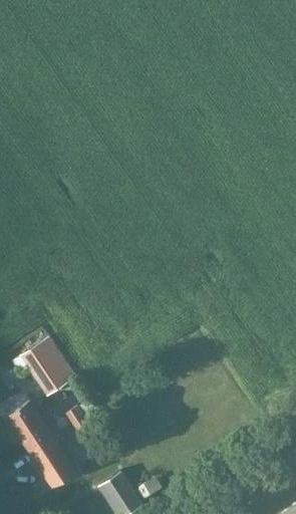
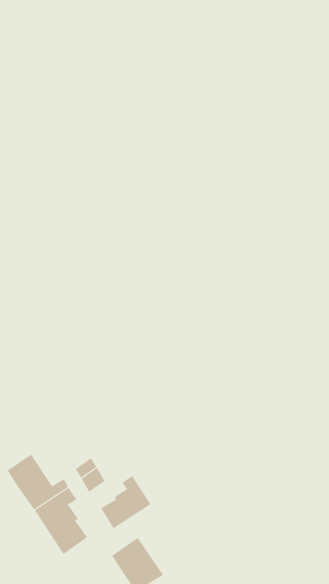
building: [19,340,70,397] -> none
building: none -> [101,475,151,529]

